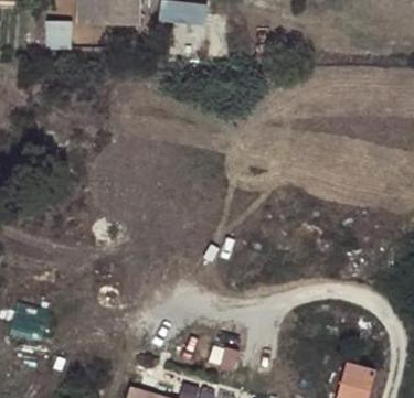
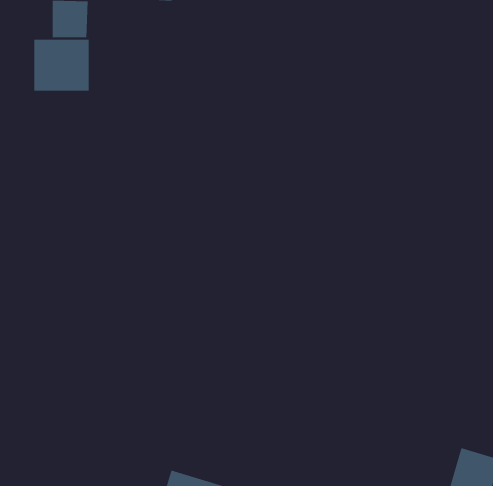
building: none -> [34,39,89,91]

